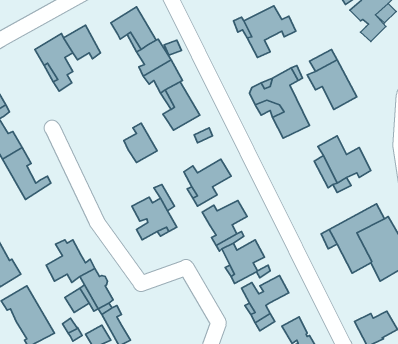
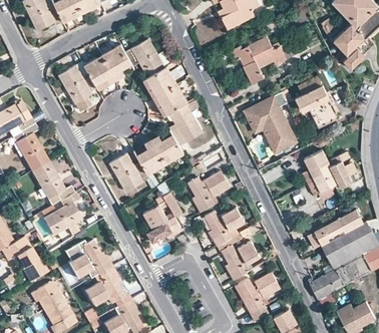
building: none -> [103,44,131,78]
building: none -> [151,134,183,163]
building: none -> [110,153,149,192]
building: none -> [43,192,80,234]
building: none -> [309,261,359,299]

